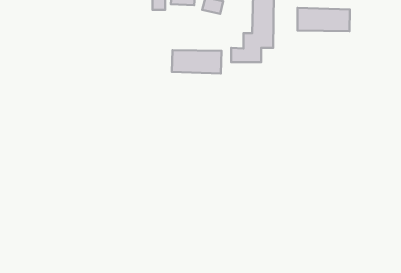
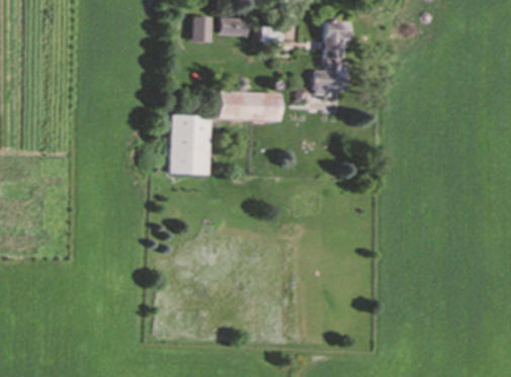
building: [297,8,350,31] -> none
building: none -> [170,114,210,174]

